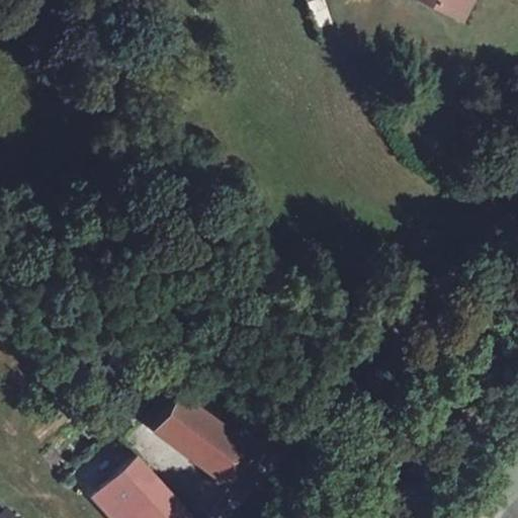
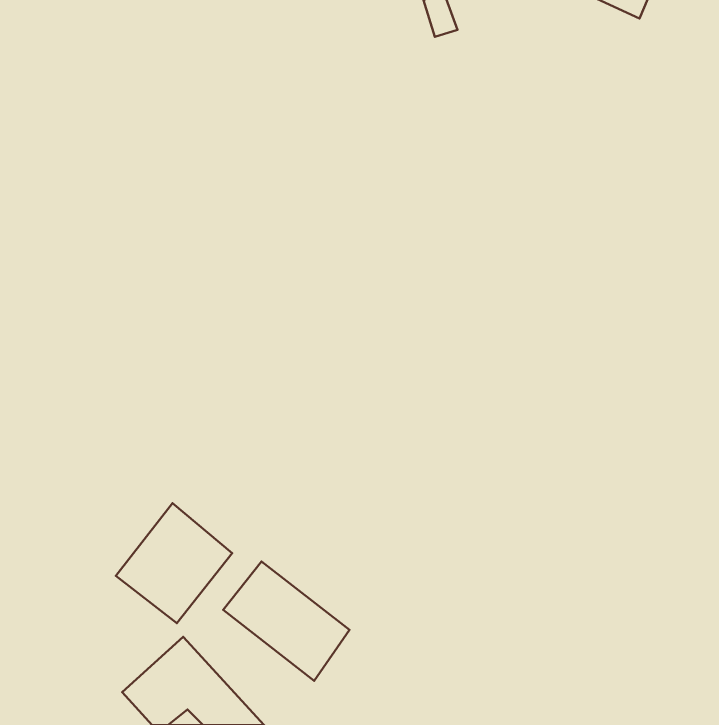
building: none -> [116,503,232,623]

